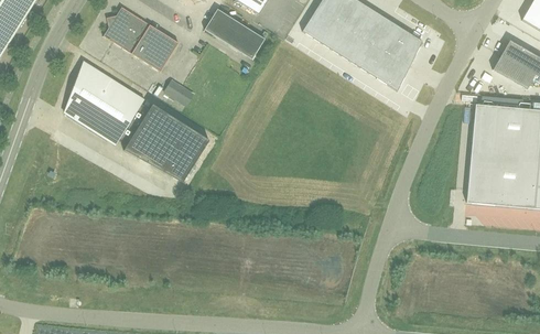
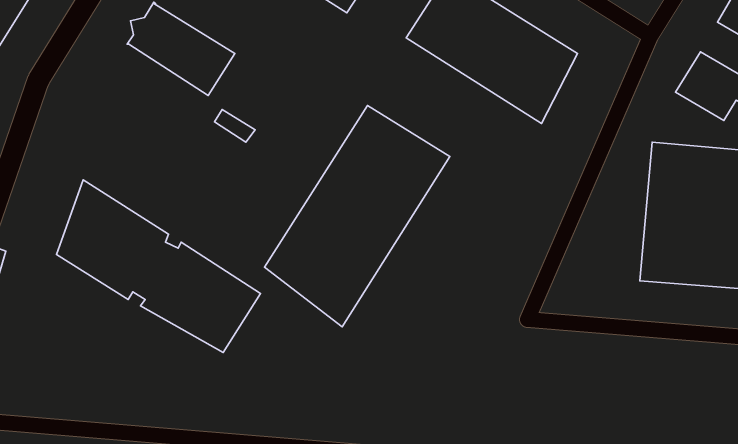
building: [205,9,264,58] -> none
building: [65,60,209,182] -> [57,180,261,353]
building: none -> [265,105,450,327]

